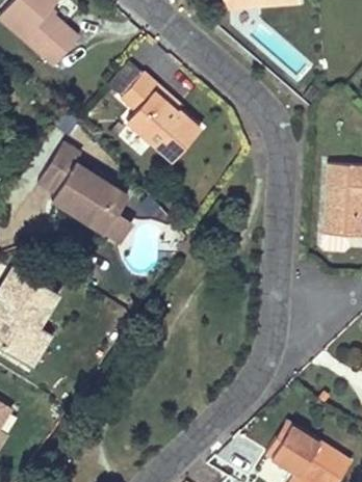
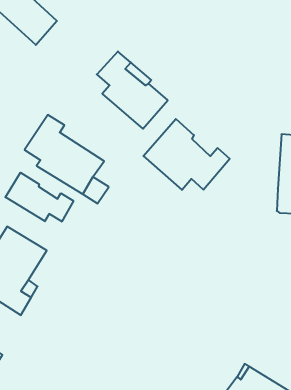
building: none -> [143,119,230,190]
building: none -> [5,173,73,222]

